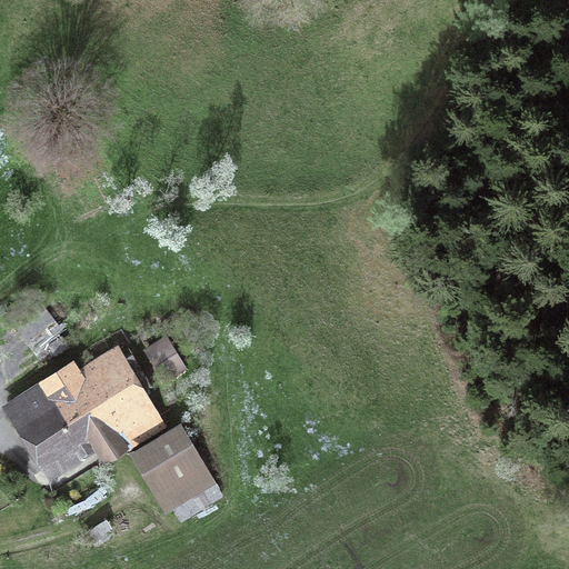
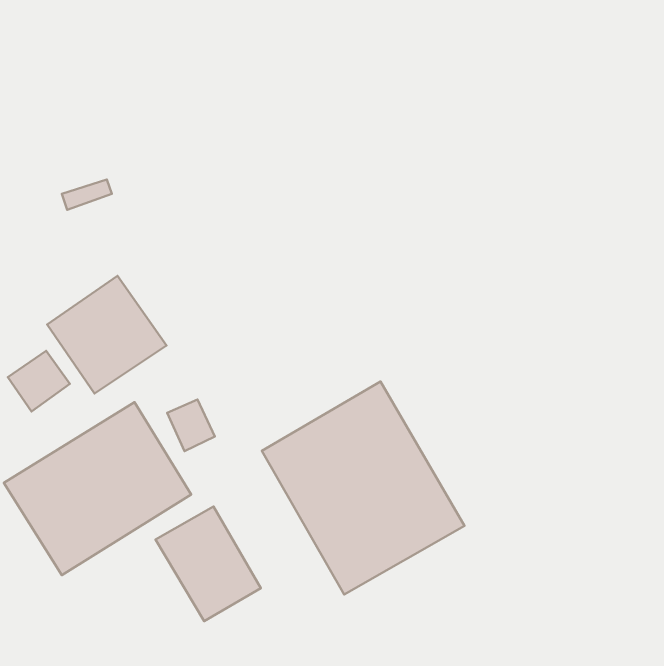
building: none -> [47,276,166,393]
building: none -> [262,382,464,595]

